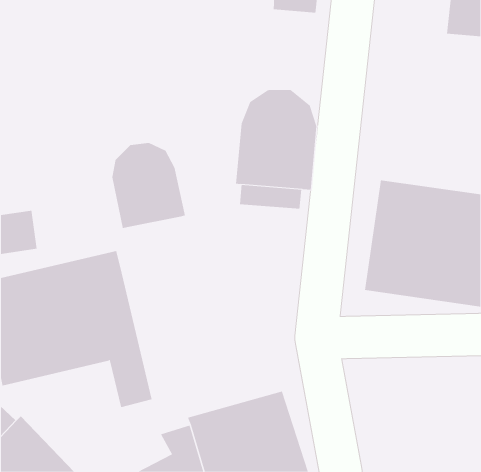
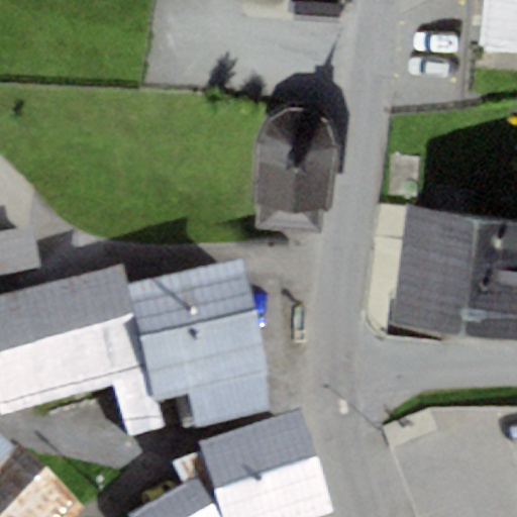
building: [112,142,186,229] -> none
building: none -> [131,270,272,435]

